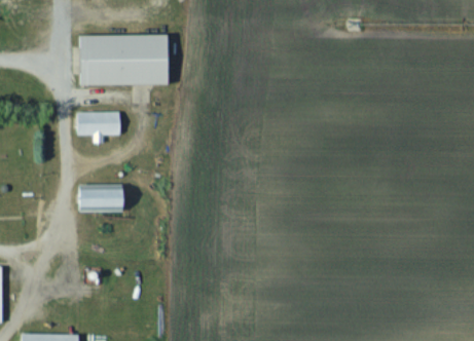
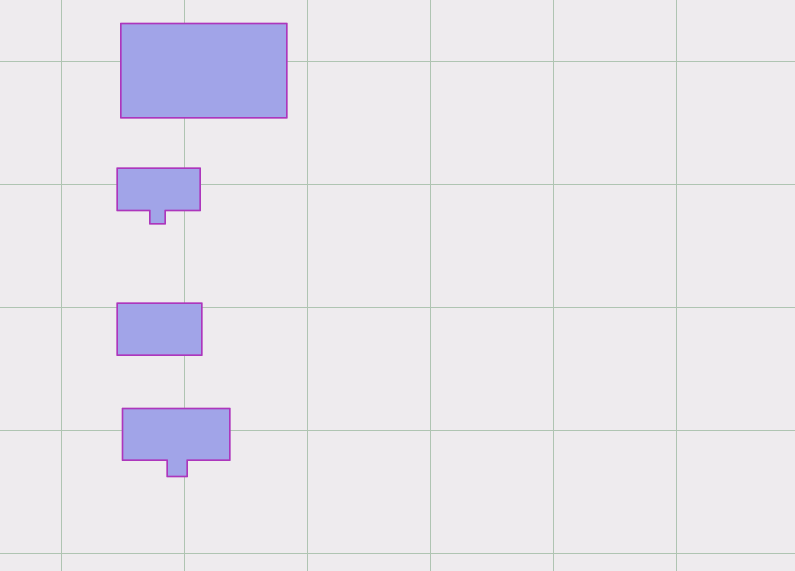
building: none -> [122,409,230,477]

